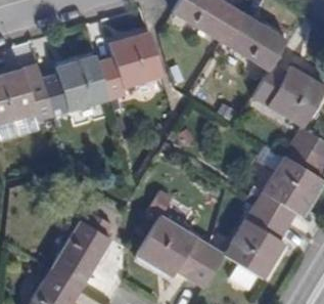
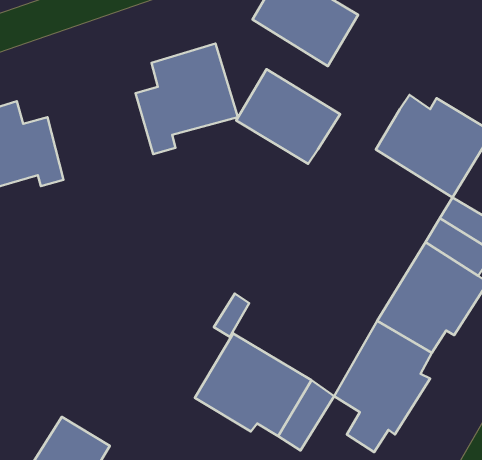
building: [221,10,287,71] -> [236,69,340,164]
building: [42,52,109,116] -> none
building: [51,220,110,286] -> none

